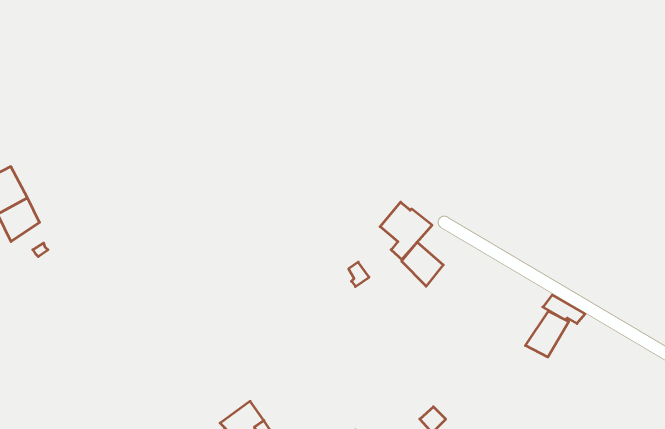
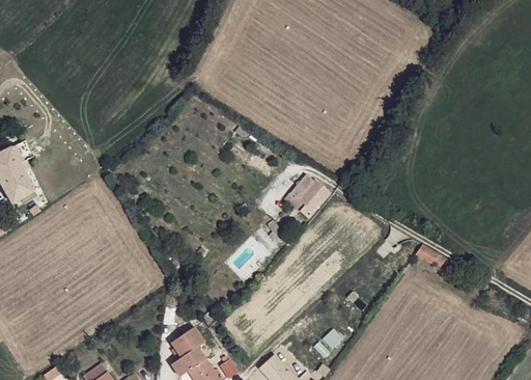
building: [402,242,443,286] -> none
building: [525,311,569,357] -> none

